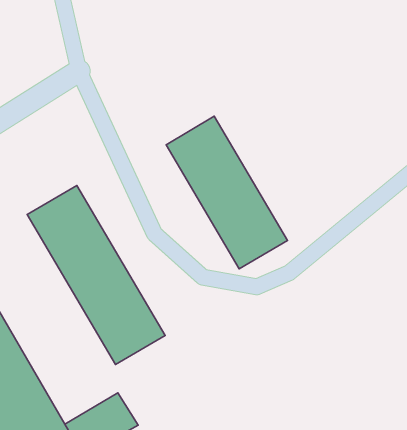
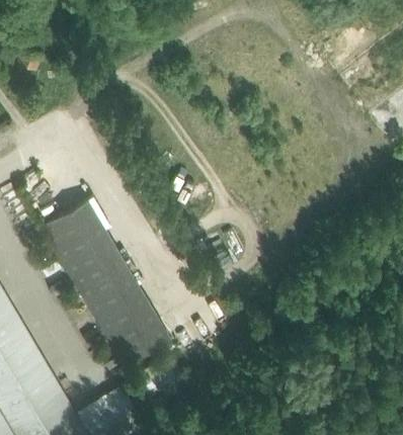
building: [166,116,287,269] -> none

